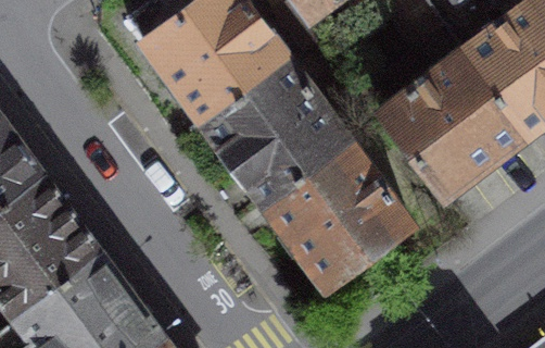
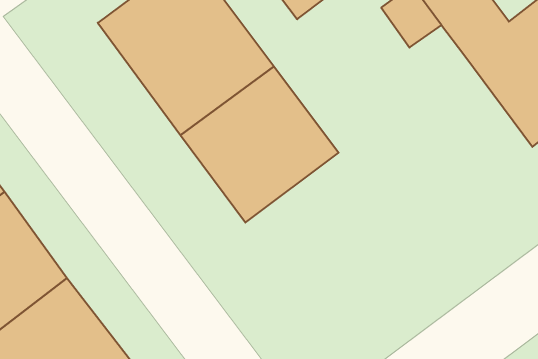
building: [382,51,528,198] -> none
building: [264,141,410,288] -> none

